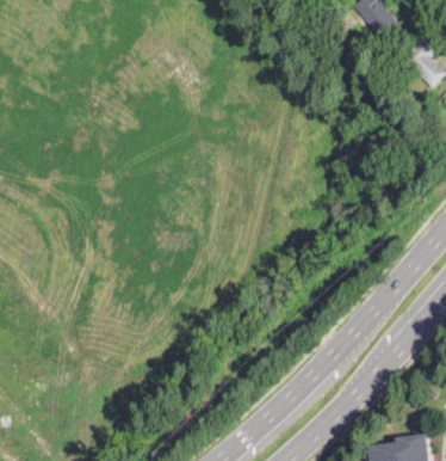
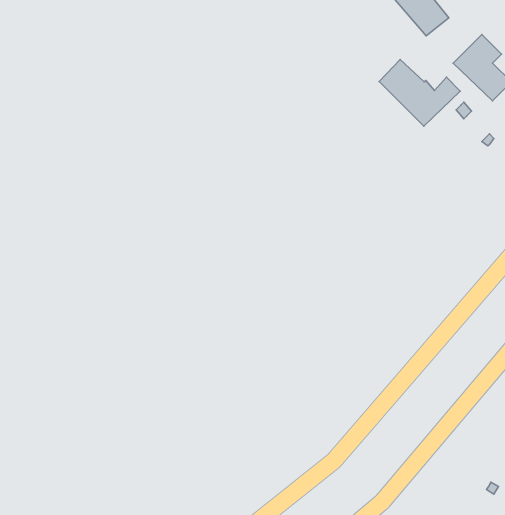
building: none -> [379,59,460,126]

